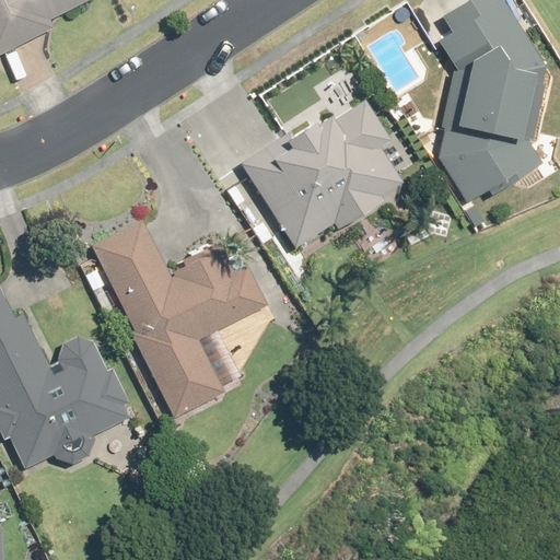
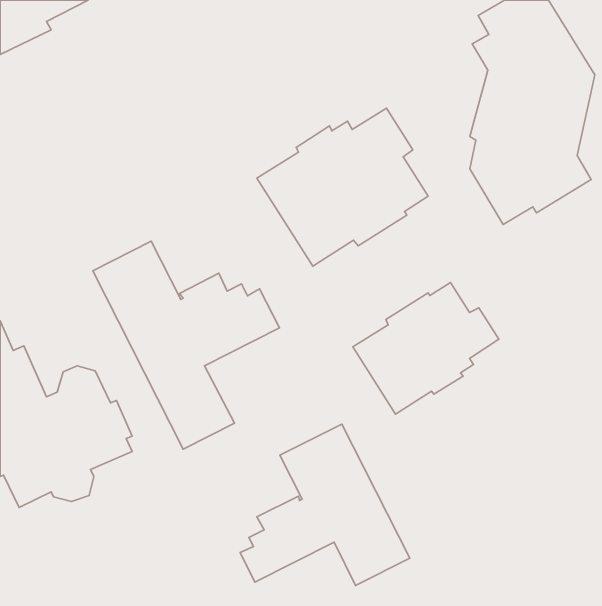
building: none -> [353,283,499,414]
building: none -> [240,424,410,586]

